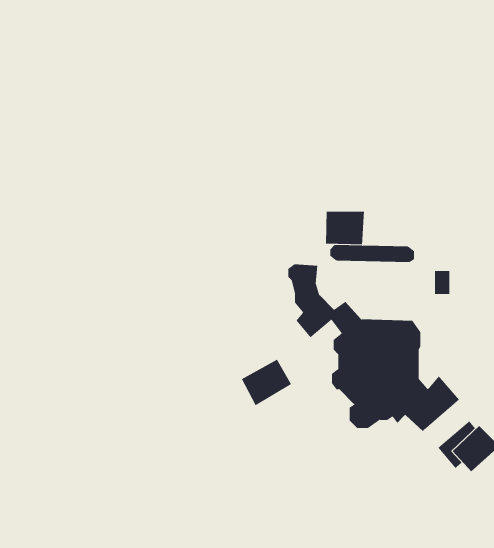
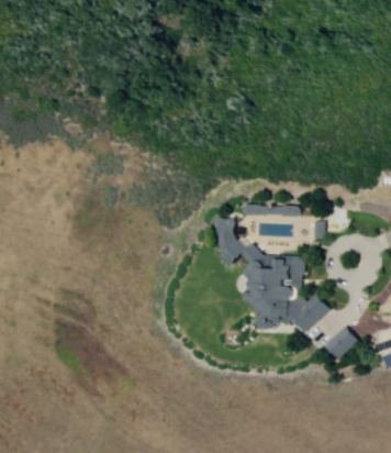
building: [326,211,365,245] -> none
building: [241,359,292,406] -> none

